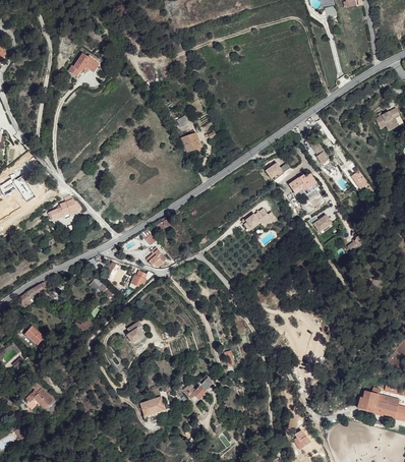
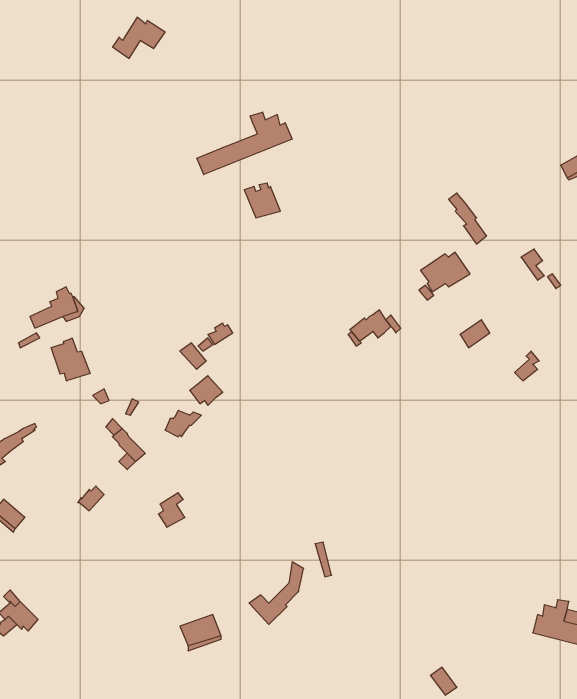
building: [68,52,101,77] -> [113,17,165,58]
building: none -> [197,112,292,175]
building: none -> [51,338,90,381]

